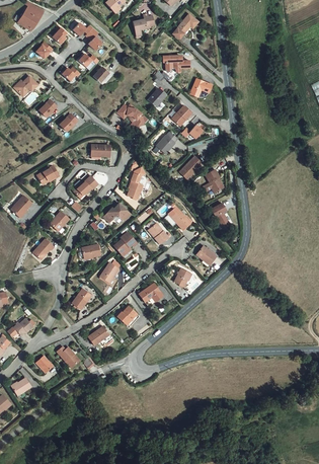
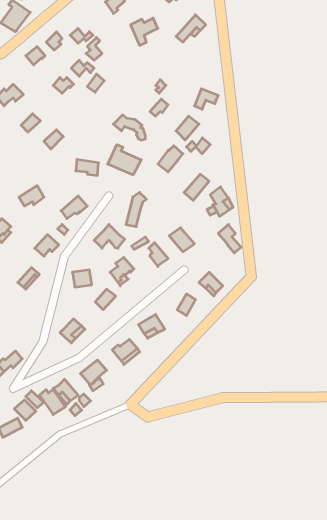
building: [161,54,190,73] -> none
building: none -> [108,145,141,175]

